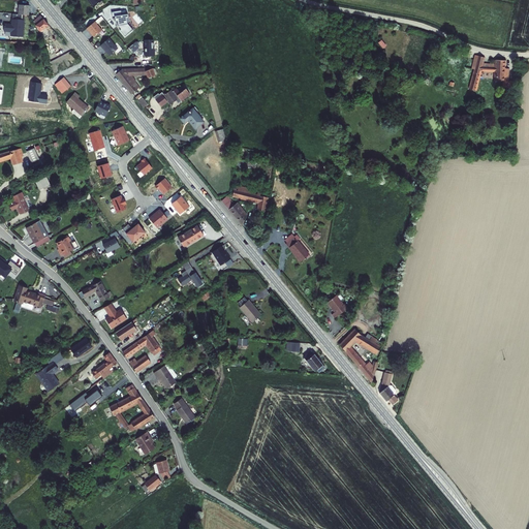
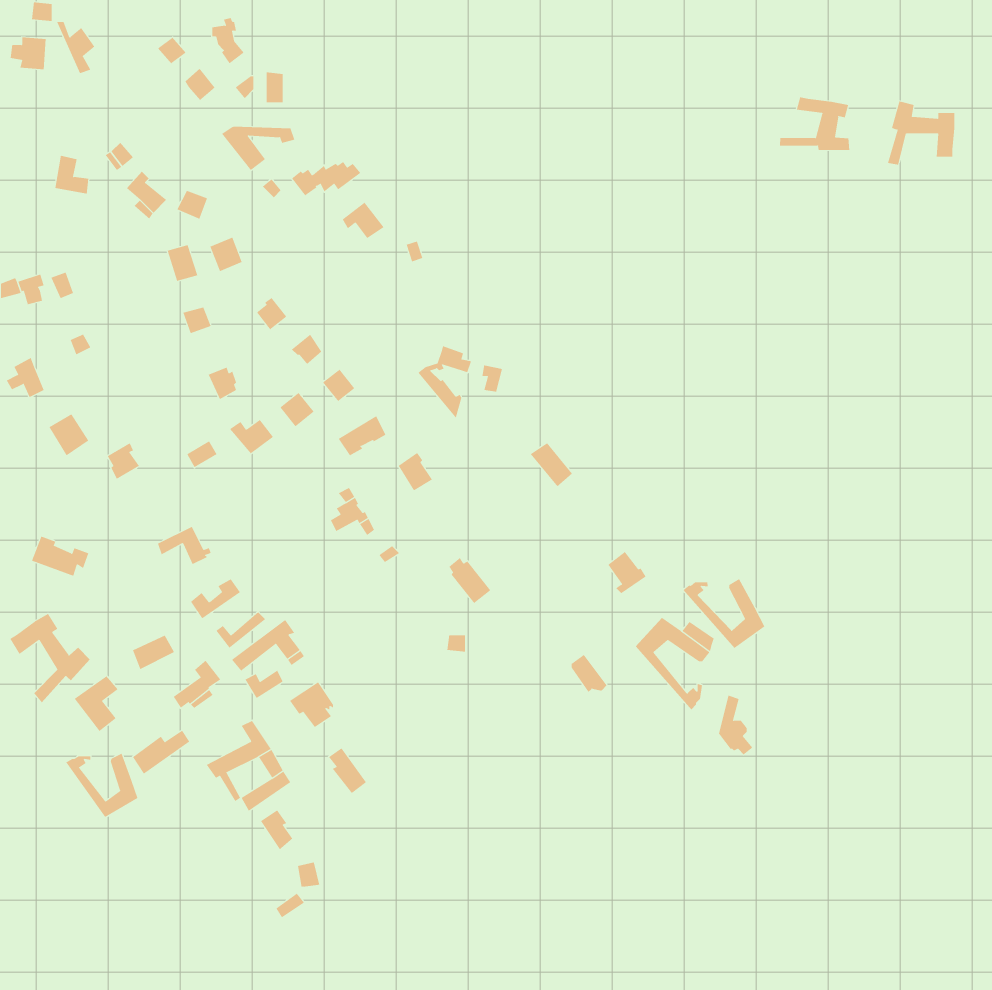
building: none -> [780,97,850,151]
building: none -> [683,578,765,649]
building: none -> [9,613,91,703]
building: none -> [66,753,138,818]

